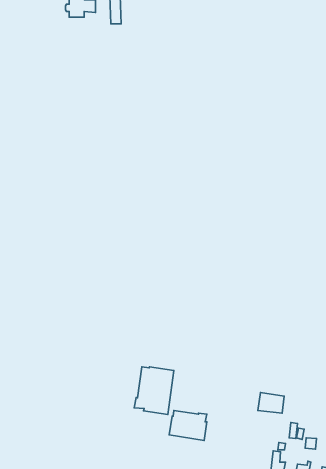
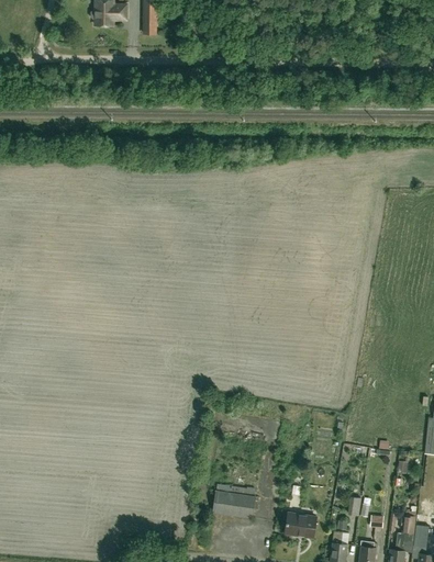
building: [134,367,174,414] -> none
building: [258,393,284,413] -> [285,513,315,537]

